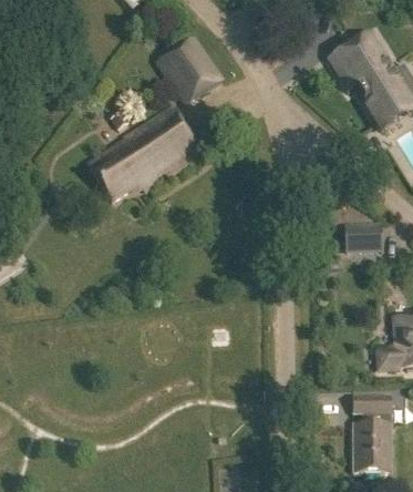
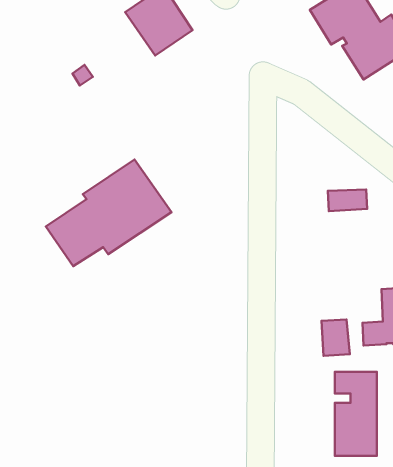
building: [87,103,204,202] -> [46,160,172,266]
building: none -> [322,320,350,356]

